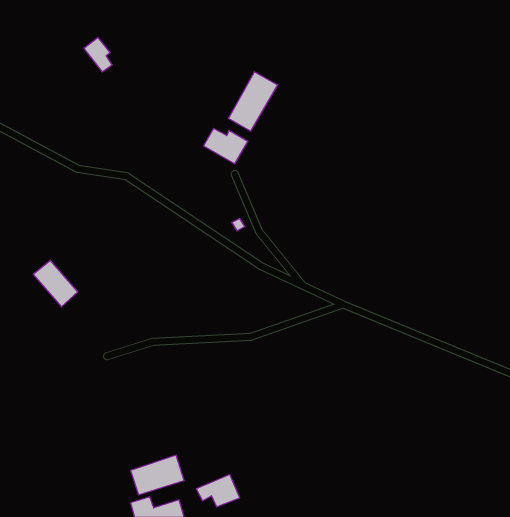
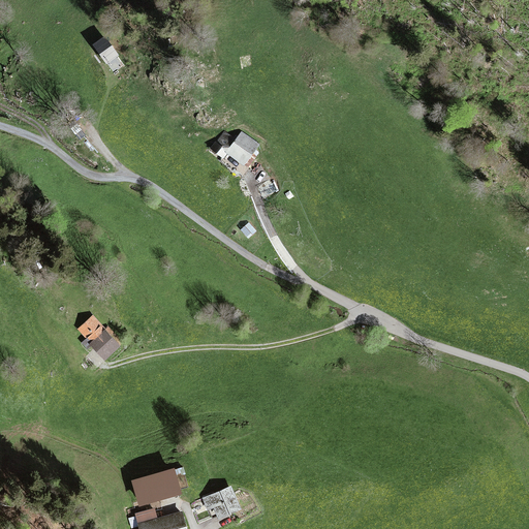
building: [228,72,278,131] -> none
building: [33,260,78,307] -> [75,317,121,365]

